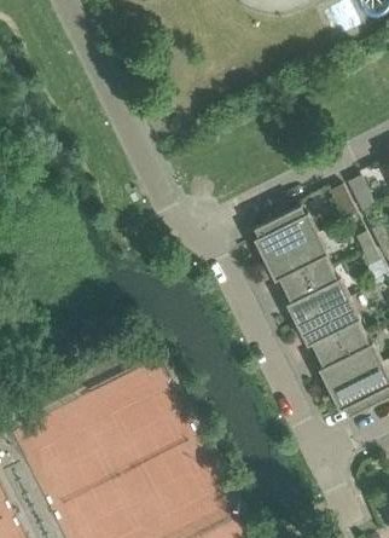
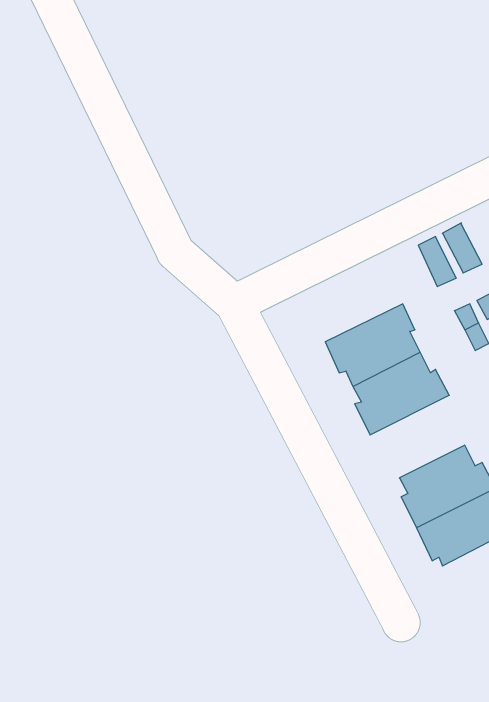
building: [252,206,318,259] -> none
building: [295,296,361,354] -> none

